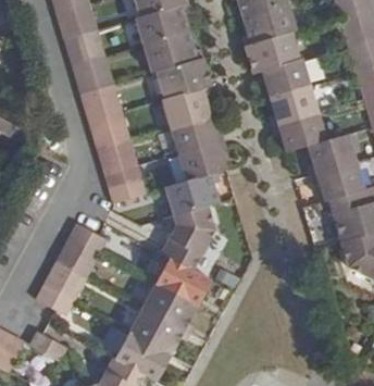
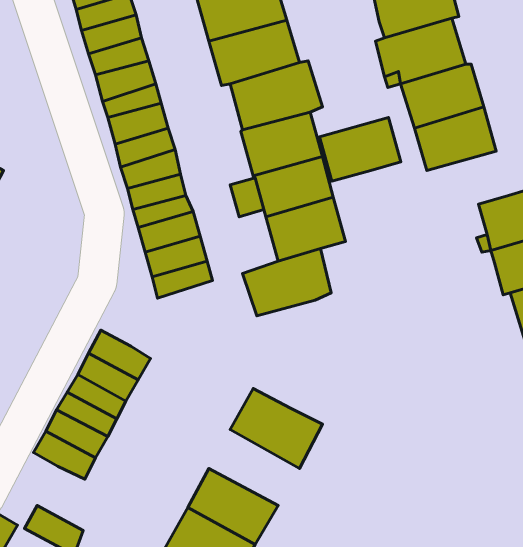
building: [276,113,326,152] -> [319,117,401,181]
building: [160,204,214,271] -> none
building: [142,284,198,331] -> none

